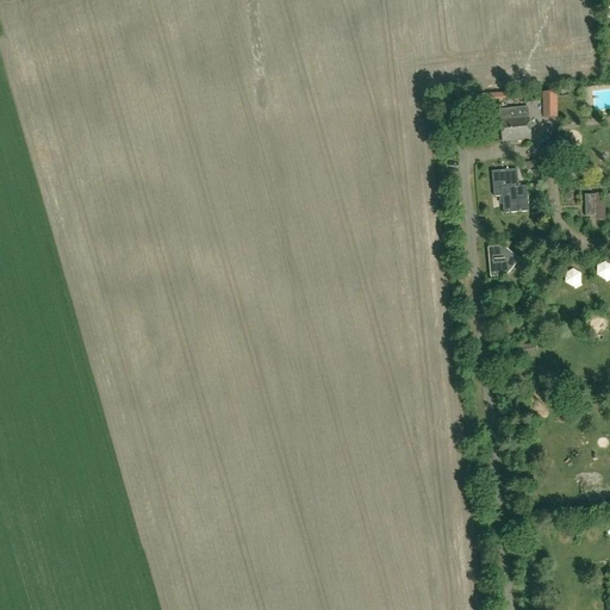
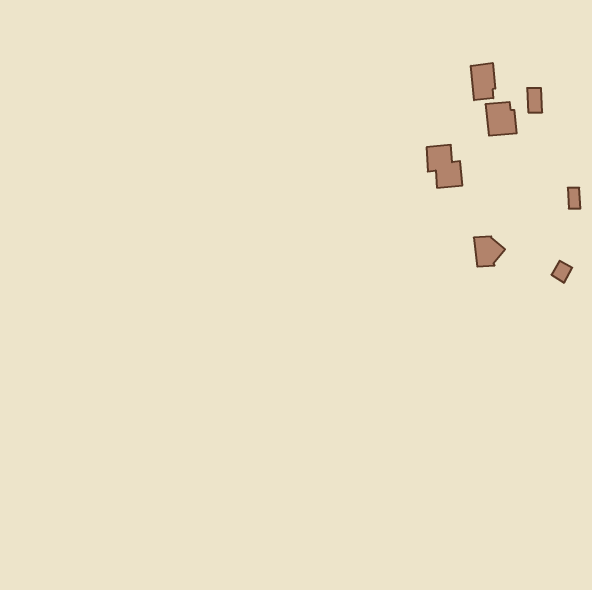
building: none -> [471,63,495,100]
building: [492,167,529,211] -> [427,145,462,188]

